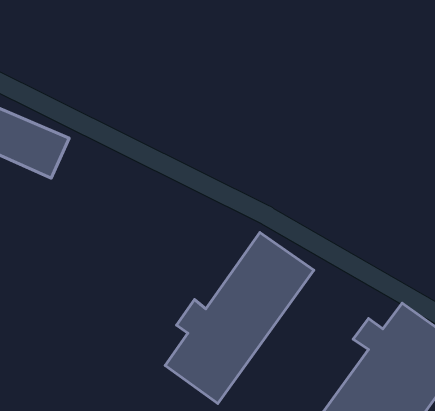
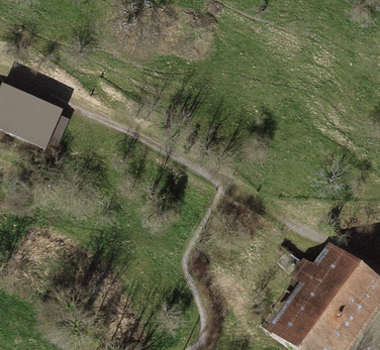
building: [165,233,314,404] -> none

